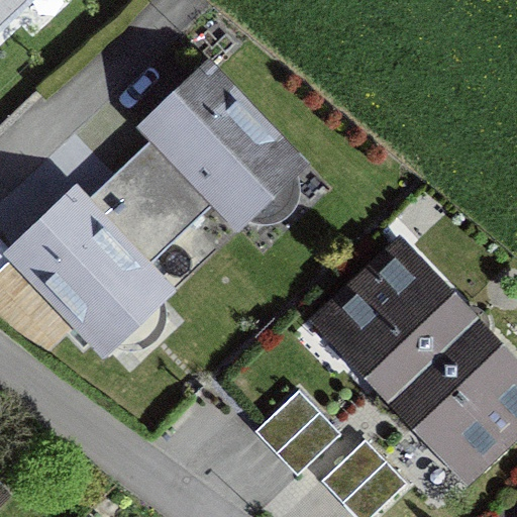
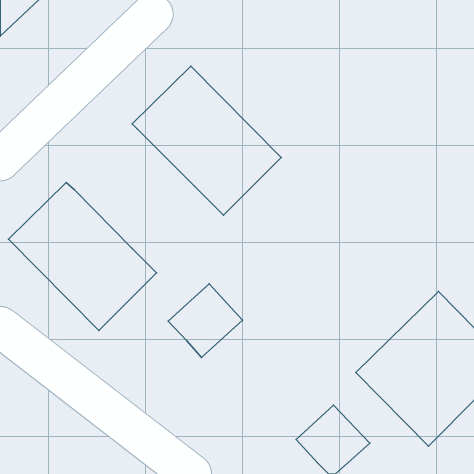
building: [83,139,213,270] -> none
building: [308,236,478,404] -> none
building: [256,388,337,468] -> [168,284,243,358]

